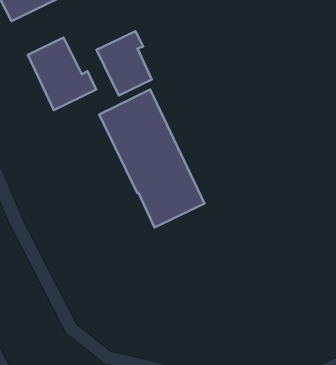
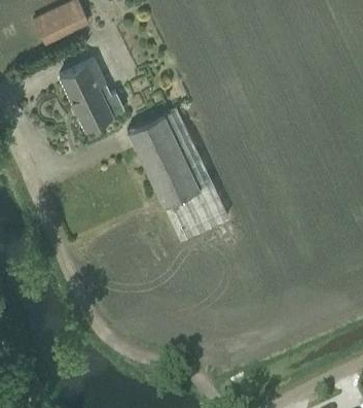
building: [96,31,152,96] -> none

